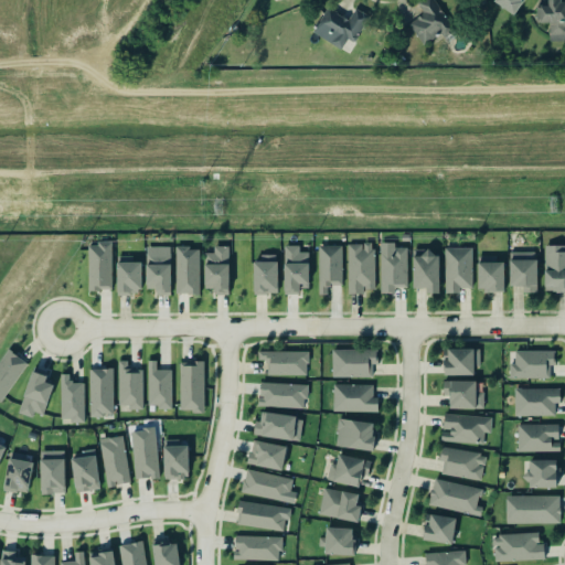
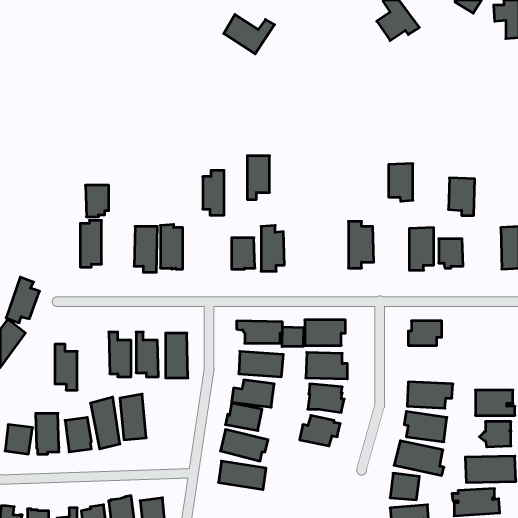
building: [315,8,370,51] -> [224,14,275,54]
building: [349,245,375,296] -> none
building: [205,246,228,295] -> [203,170,224,215]
building: [319,247,343,295] -> [247,156,270,199]
building: [510,253,539,294] -> [448,178,475,215]
building: [414,254,440,295] -> [389,164,413,201]
building: [117,260,142,295] -> [85,185,109,217]
building: [510,351,556,380] -> none
building: none -> [282,327,304,347]
building: [18,369,54,418] -> [6,277,40,323]
building: [88,369,114,416] -> none
building: [443,379,483,407] -> none
building: [514,387,559,416] -> none
building: [164,440,190,481] -> none
building: [319,488,360,521] -> none
building: [326,529,355,556] -> none
building: [233,535,282,559] -> none

